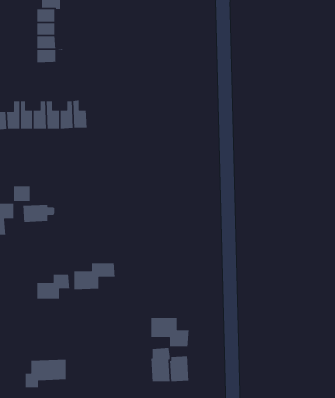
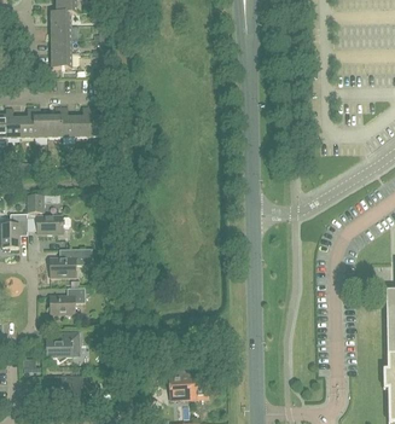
building: [74,262,116,290] -> [50,246,93,275]
building: none -> [47,329,79,359]
building: [150,317,190,347] -> none

